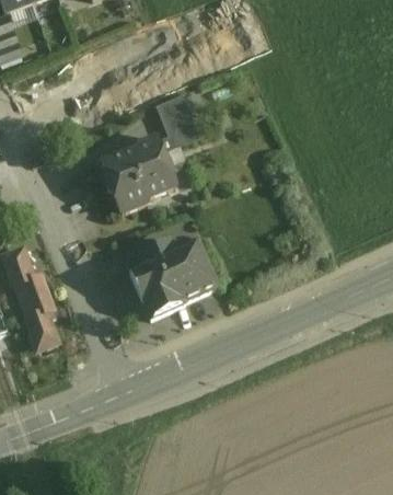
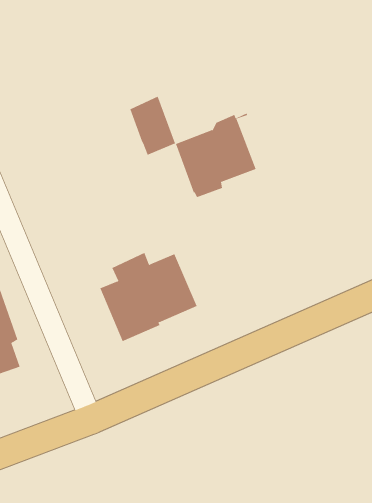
building: [100,135,174,212] -> [175,113,256,198]

